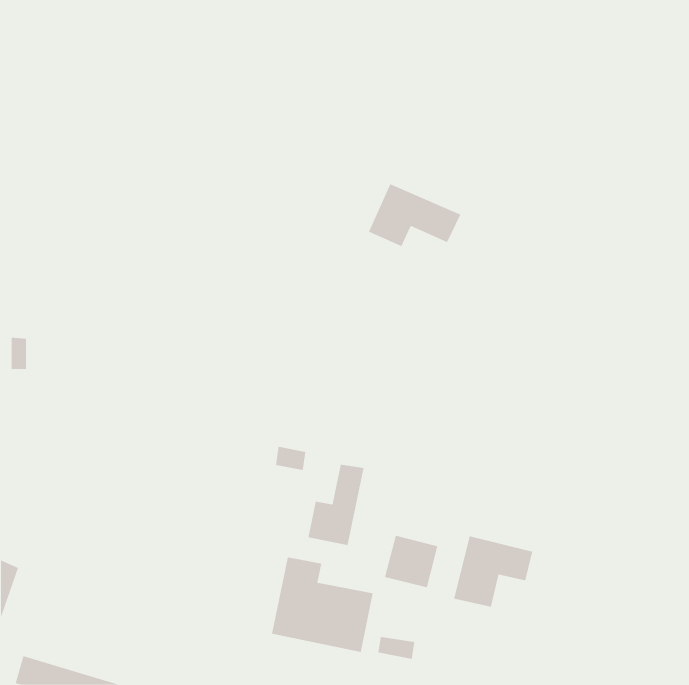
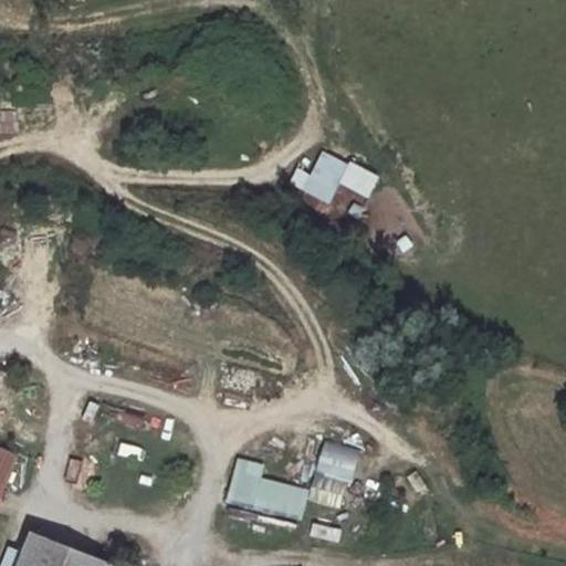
building: [308,464,364,546] -> none
building: [454,536,533,608] -> none

